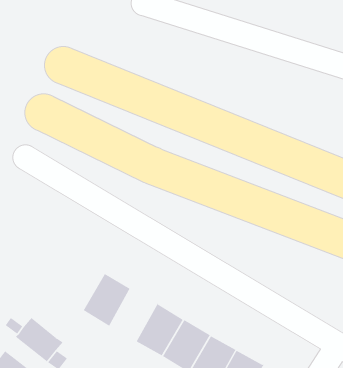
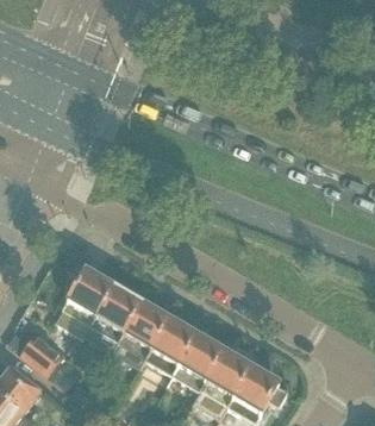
building: none -> [57,269,113,337]
building: none -> [114,301,168,367]

